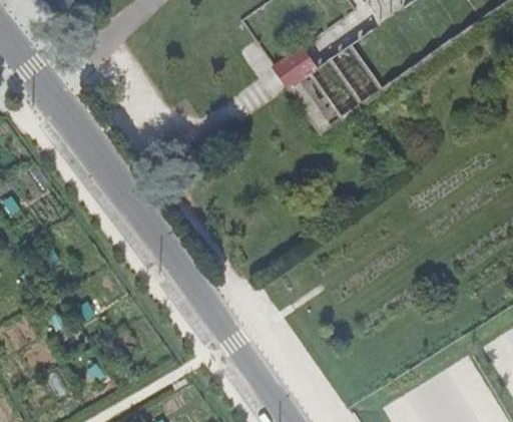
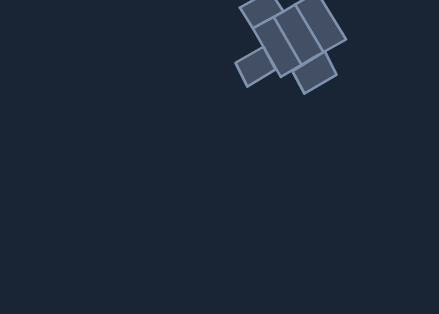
building: none -> [292,51,336,94]
building: none -> [236,47,276,87]

